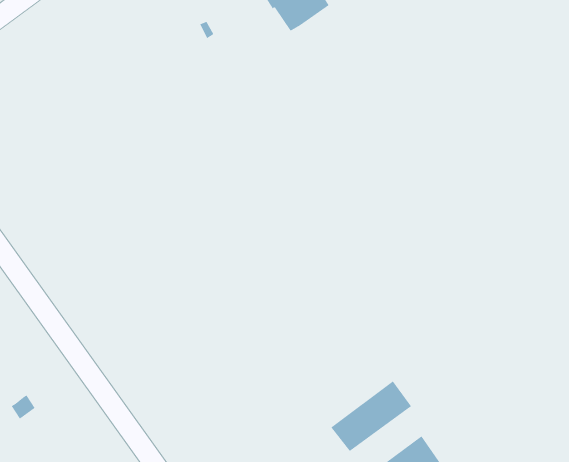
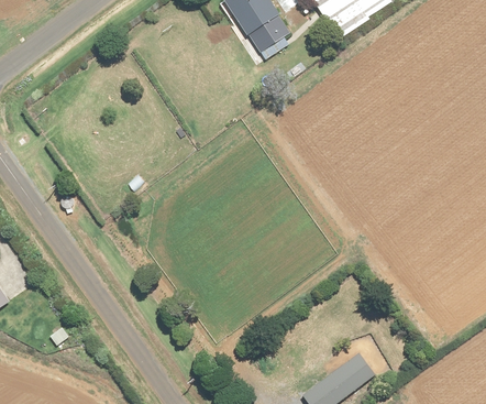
building: [330,381,412,452] -> none

